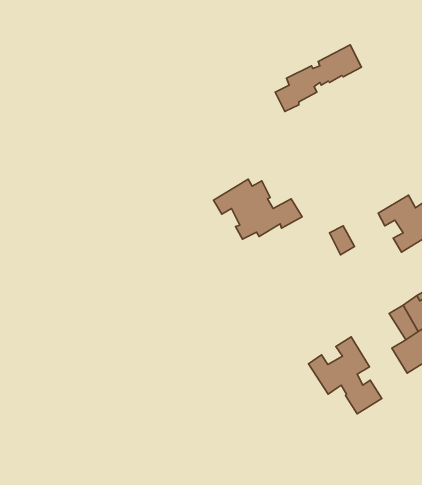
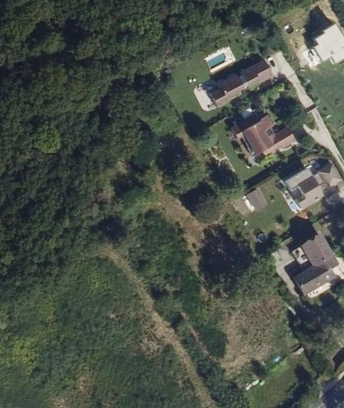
building: [213,179,302,239] -> [230,113,294,156]
building: [309,337,382,414] -> none

